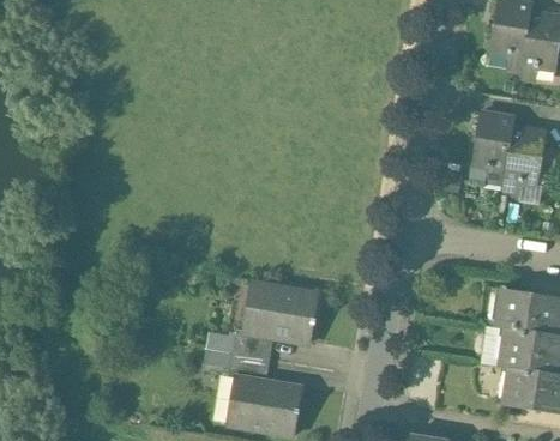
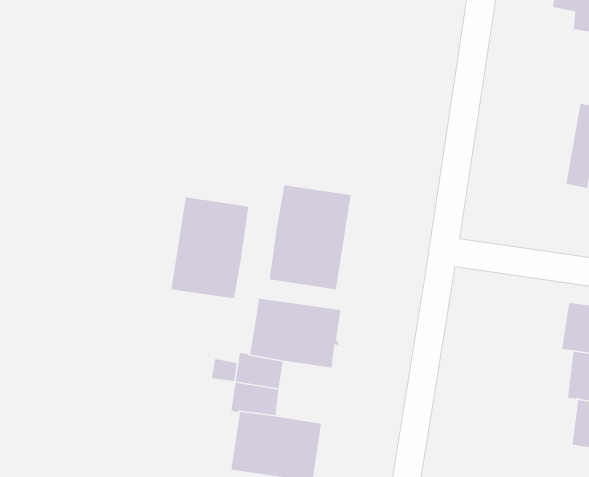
building: [471,113,513,193] -> none
building: none -> [269,184,352,290]
building: none -> [170,197,249,299]

